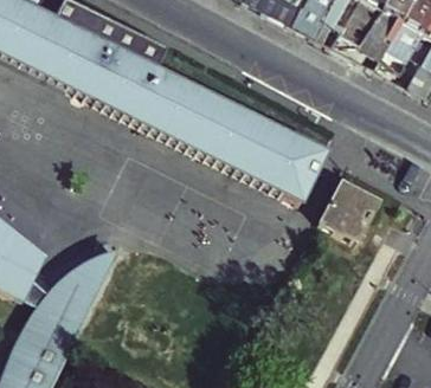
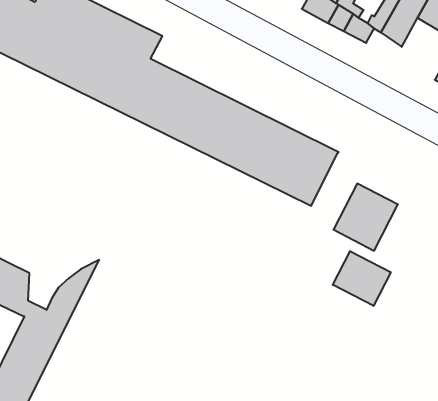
building: none -> [333,251,391,306]

